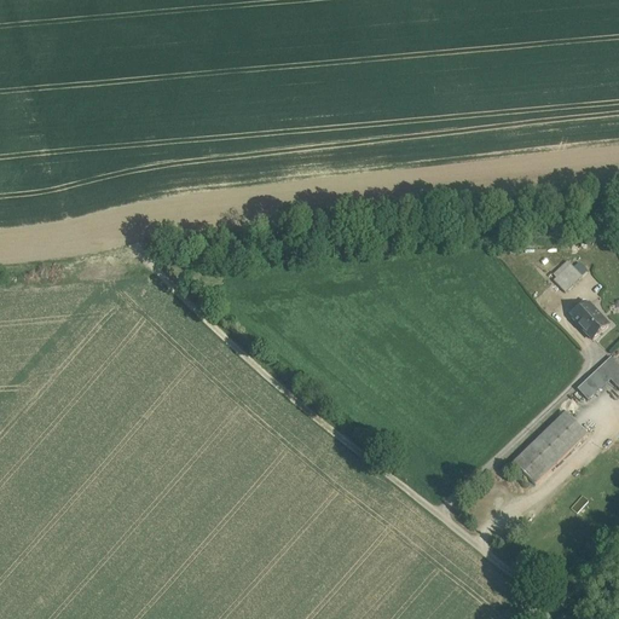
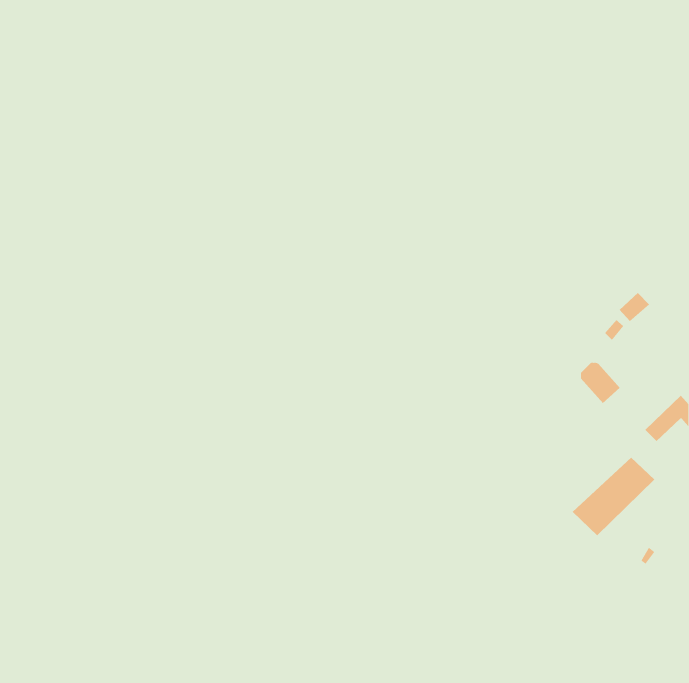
building: [572,300,608,337] -> [580,362,621,404]

